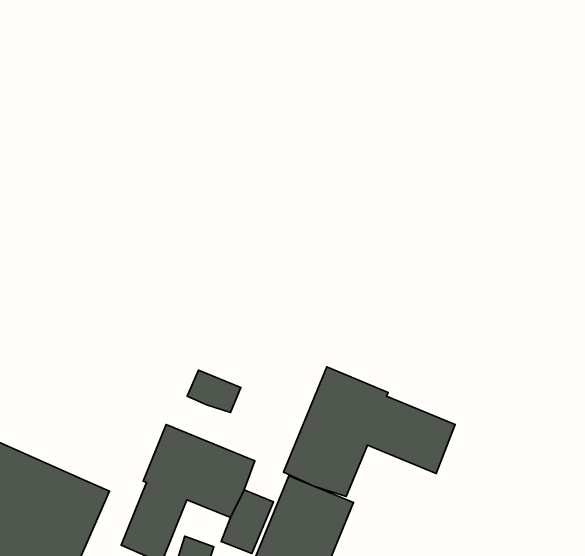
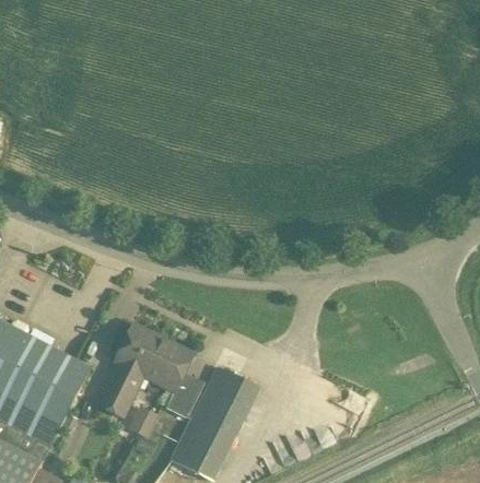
building: [283,367,455,496] -> none
building: [187,370,241,413] -> none

